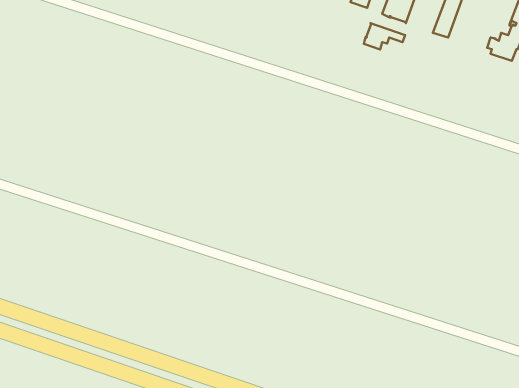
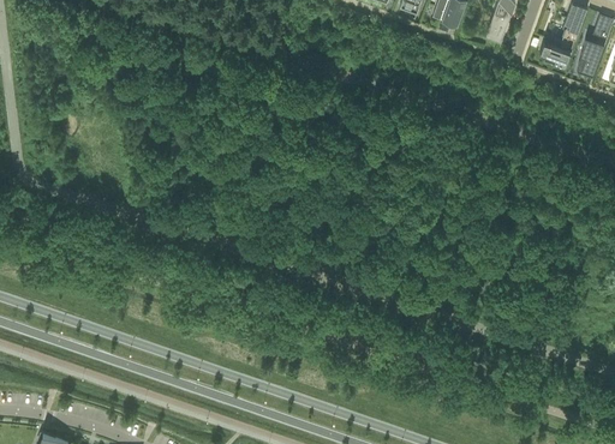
building: [364,23,405,49] -> none

